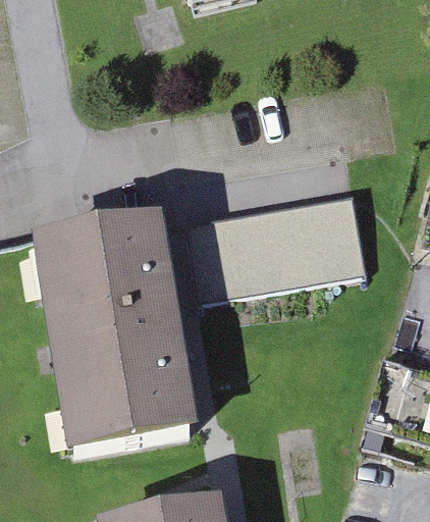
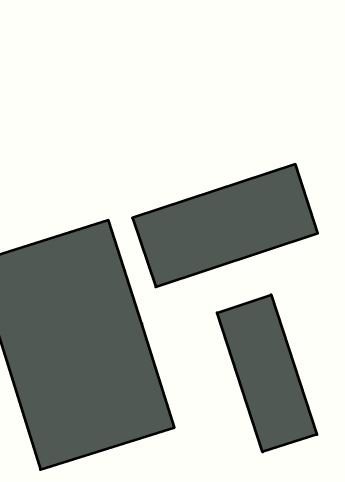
building: none -> [217,295,317,452]

